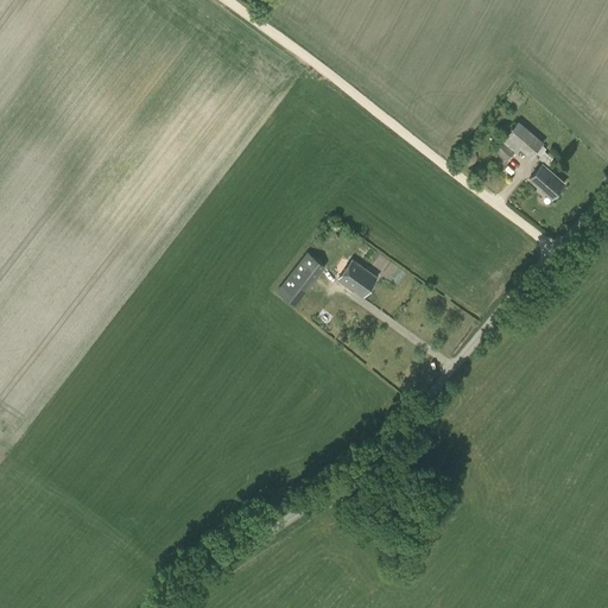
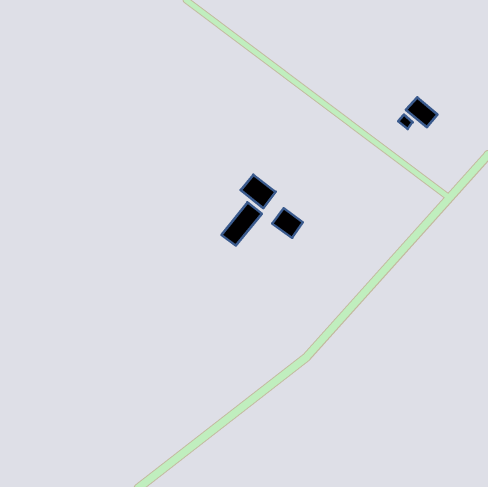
building: [530,165,564,200] -> none
building: none -> [241,175,276,208]

